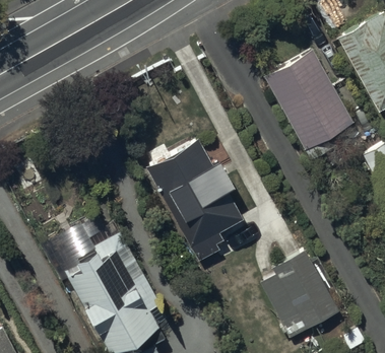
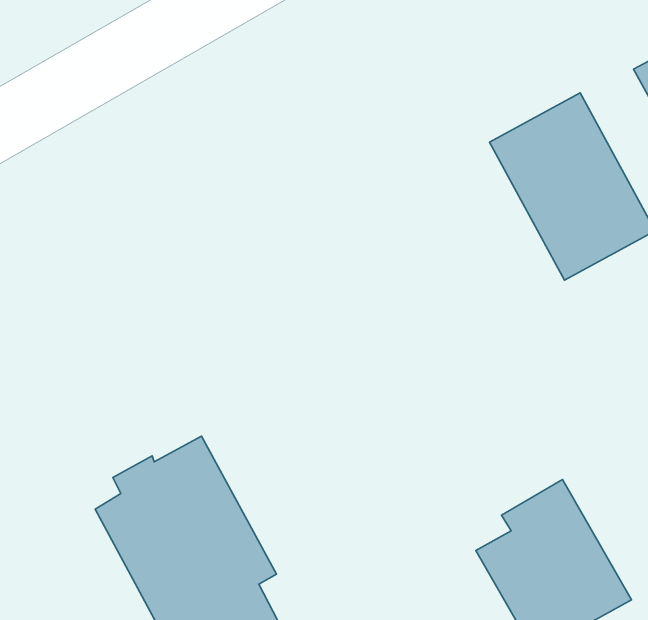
building: [144,135,240,260] -> none

